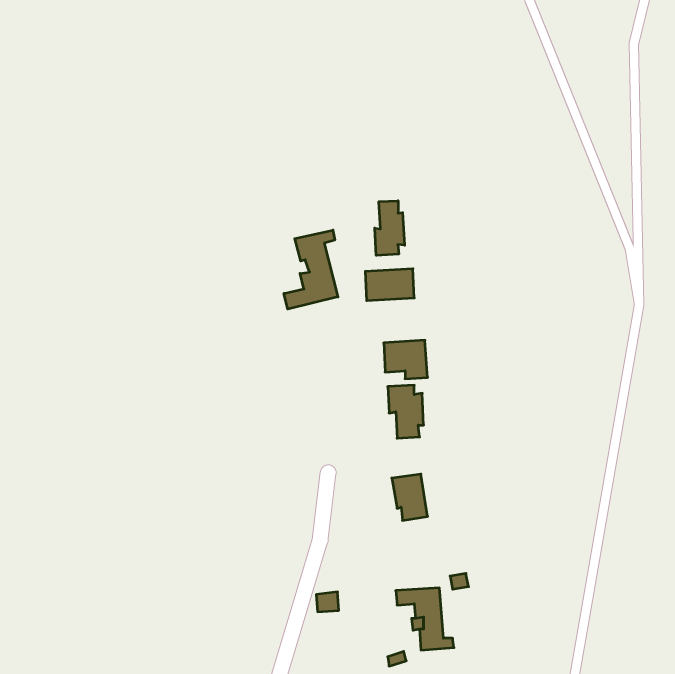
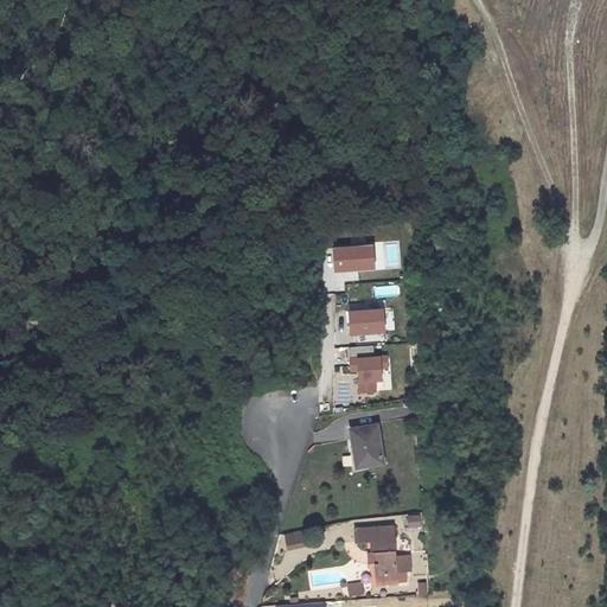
building: [375,201,405,255] -> none
building: [284,230,338,309] -> none

